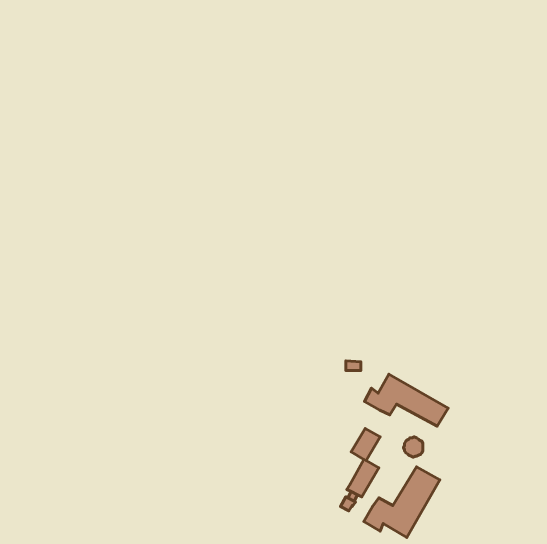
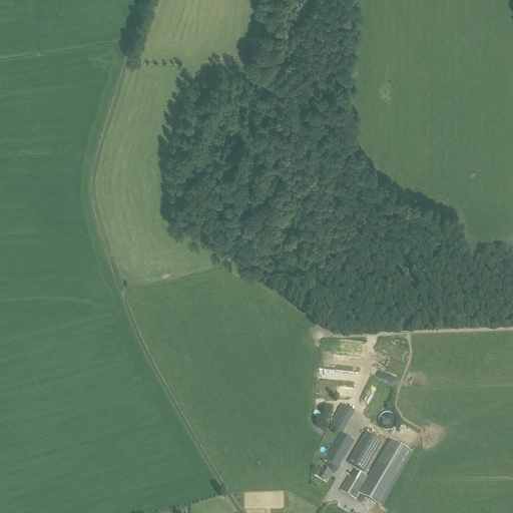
building: [364,374,448,426] -> none
building: none -> [349,430,382,470]

